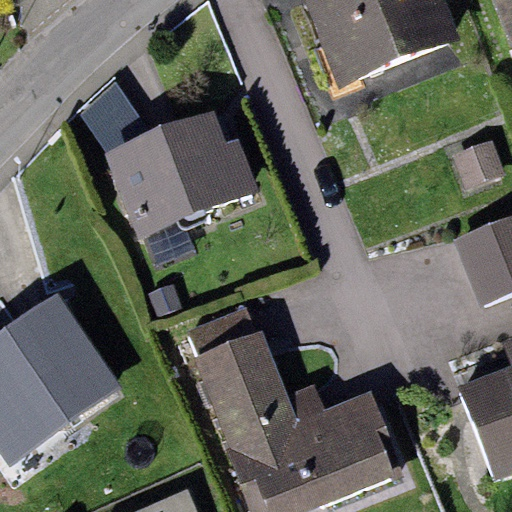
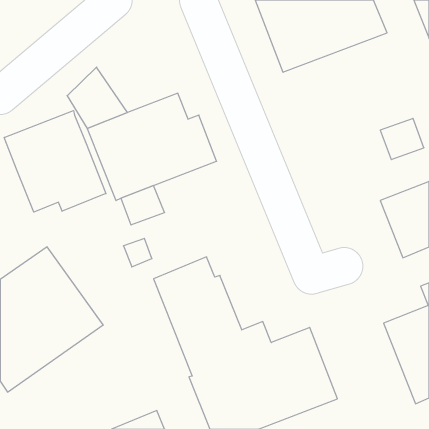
building: none -> [4,111,106,212]

